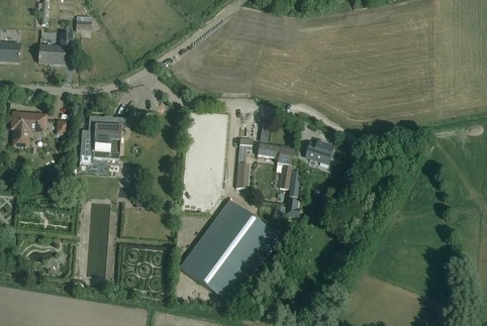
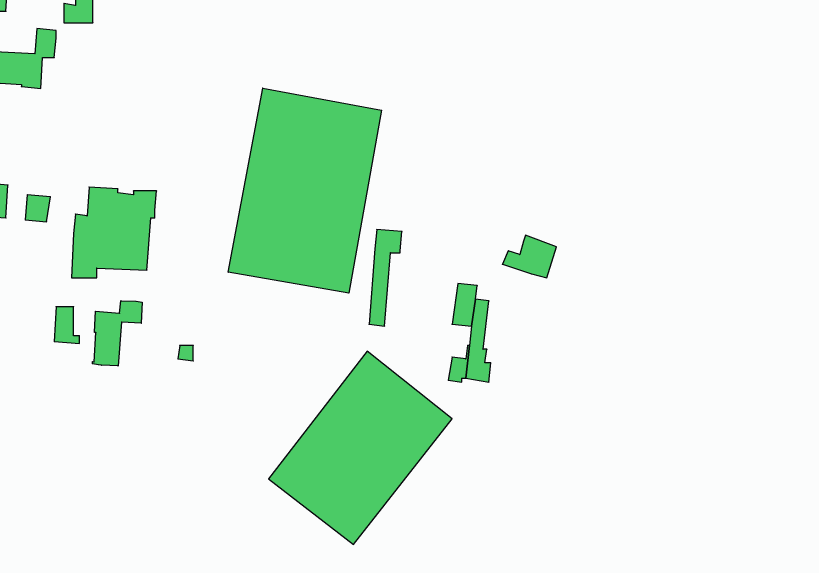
building: none -> [228,88,382,293]
building: [257,142,295,165] -> none
building: none -> [92,301,142,366]

